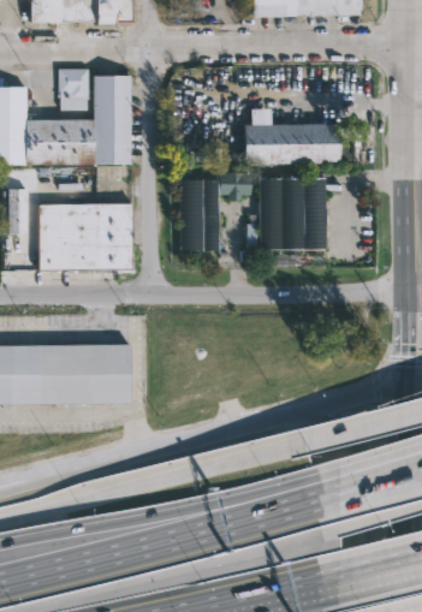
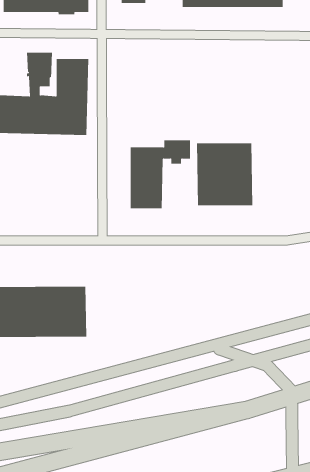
building: [244,114,356,162] -> none
building: [37,203,132,269] -> none

